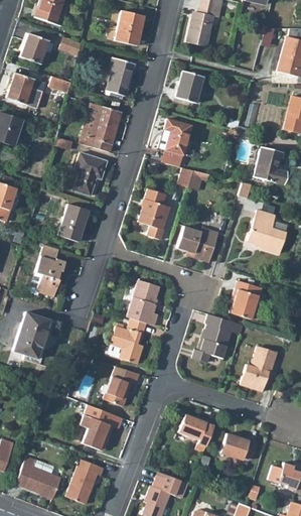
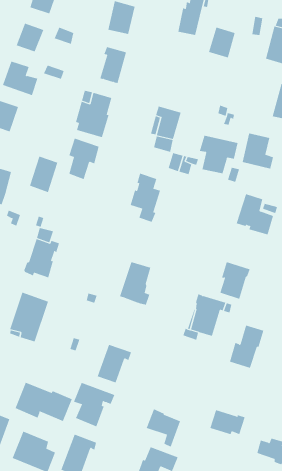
building: [175,71,203,103] -> [208,27,235,58]
building: none -> [199,135,238,174]
building: [58,204,89,242] -> [29,156,58,193]
building: [177,226,218,262] -> none
building: [108,317,147,364] -> none
building: none -> [15,382,73,422]
building: [178,412,214,453] -> [146,409,181,448]

